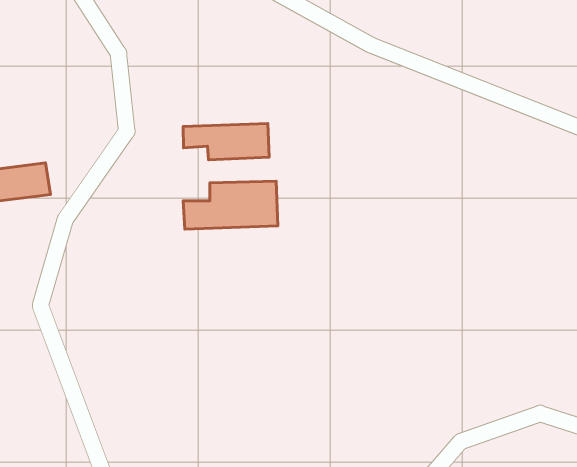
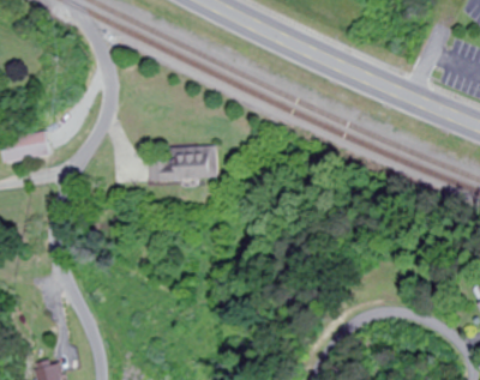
building: [183,124,269,160] -> none

